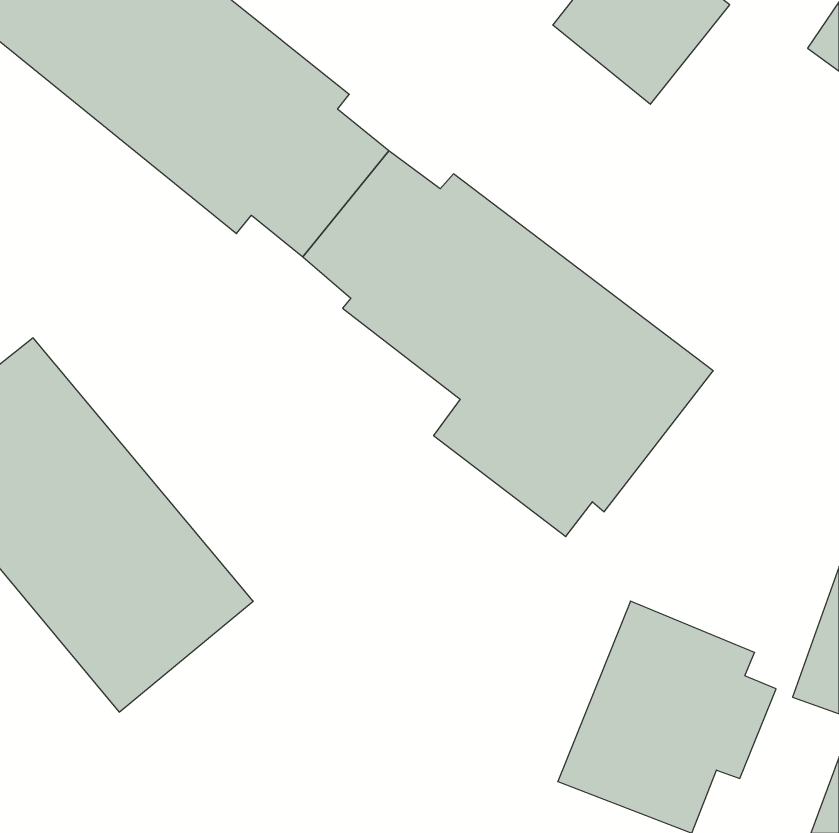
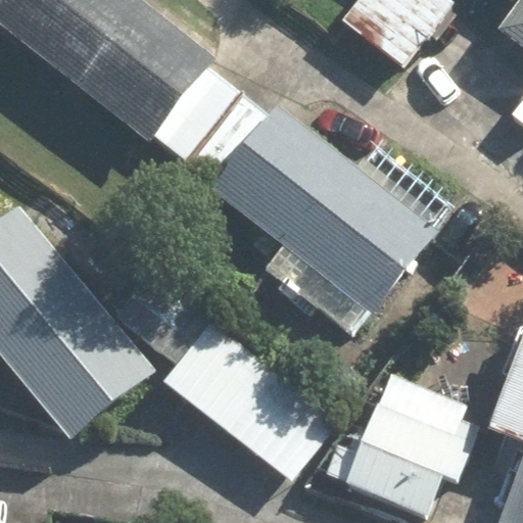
building: none -> [163,320,339,479]

